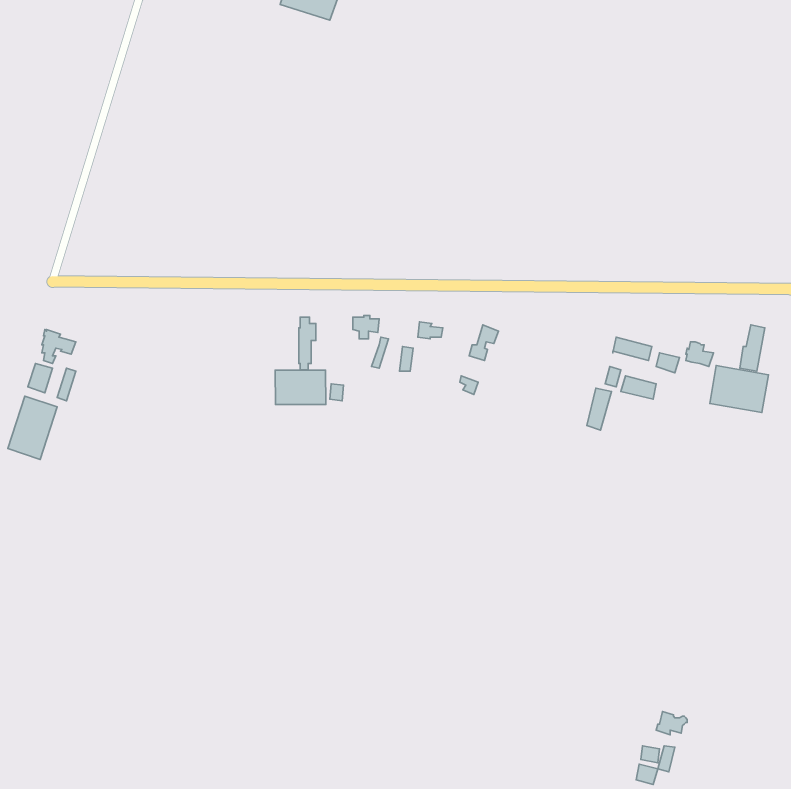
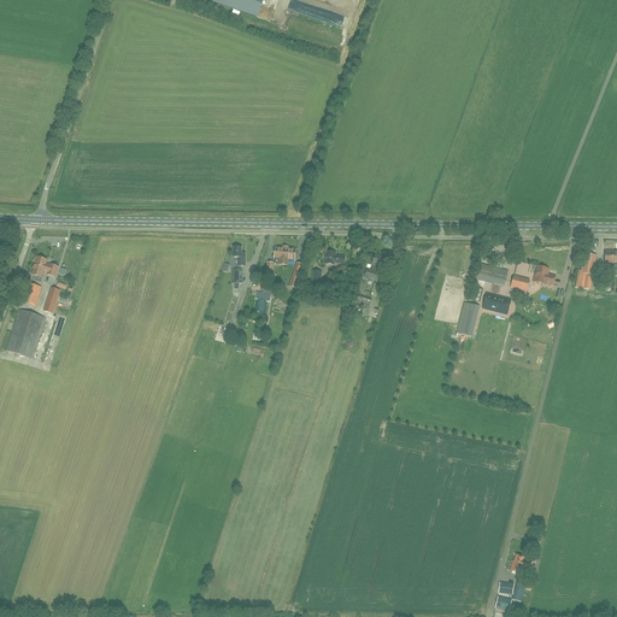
building: [710,365,768,413] -> none
building: [275,370,326,405] -> none

